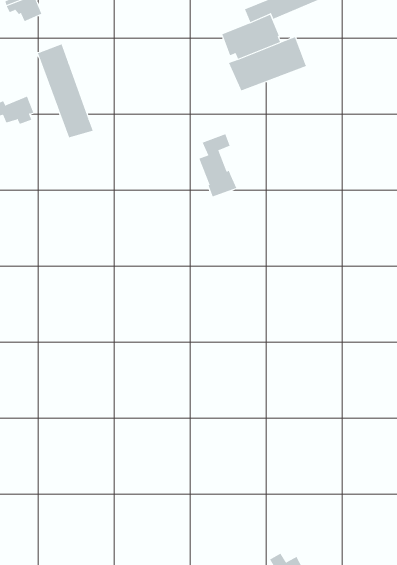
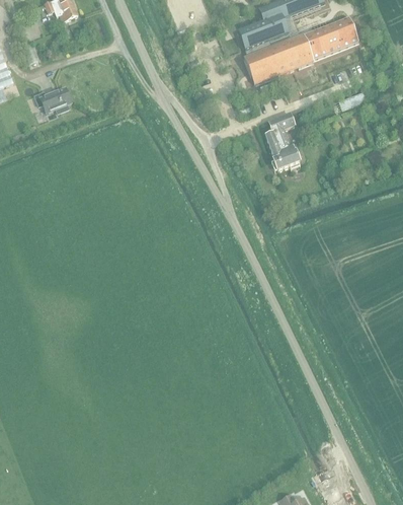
building: none -> [303,15,357,58]
building: [37,44,93,138] -> none
building: [199,133,237,197] -> [265,113,300,169]

